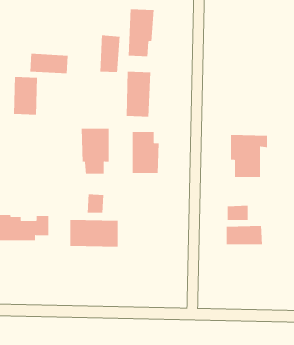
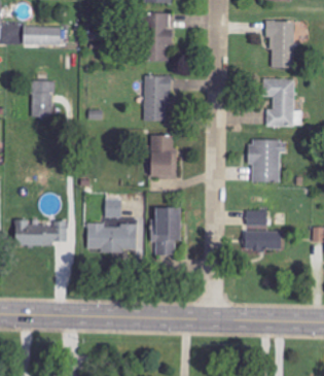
building: none -> [265,21,294,68]
building: [100,34,120,73] -> none
building: [30,53,68,74] -> [22,26,61,46]
building: none -> [262,79,301,127]
building: [81,128,110,174] -> [151,208,180,254]

